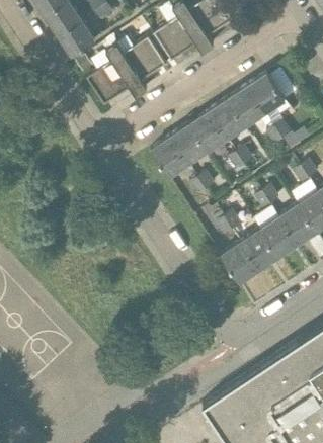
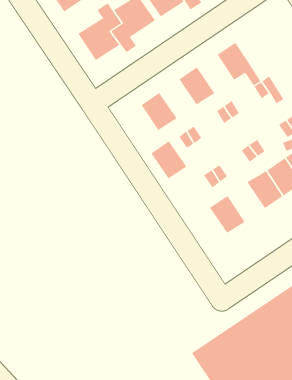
building: [248,73,285,112] -> none
building: [209,99,246,139] -> none
building: [170,124,208,164] -> [150,141,187,179]
building: [240,230,277,270] -> none

